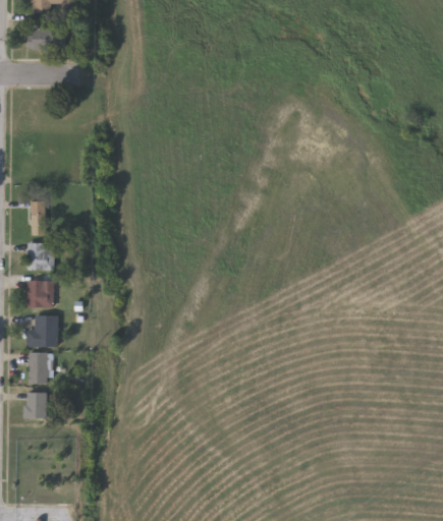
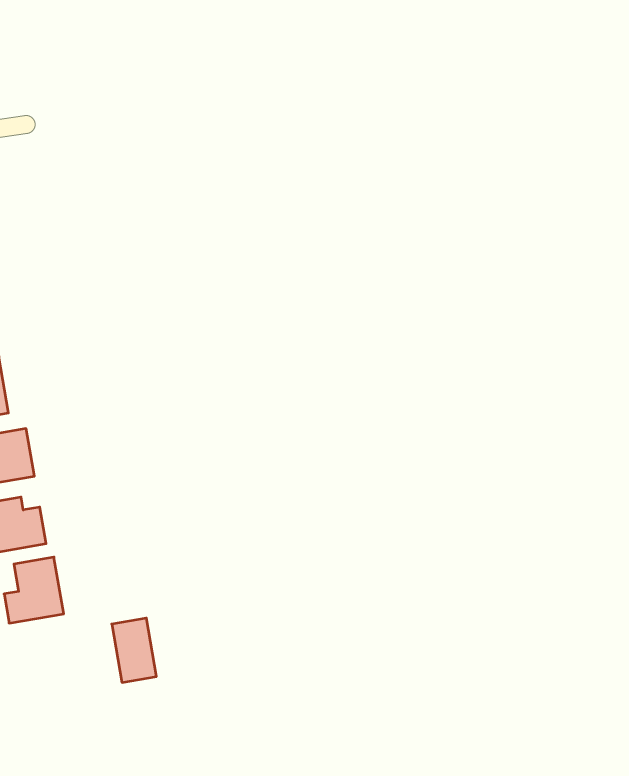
building: [27,352,47,385] -> [112,618,156,682]
building: [23,392,46,418] -> none

